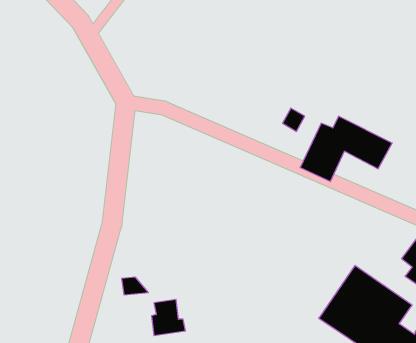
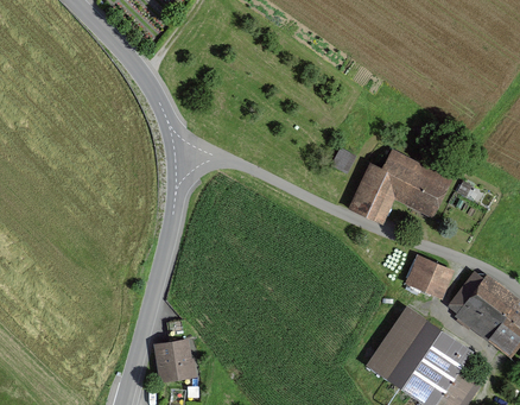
building: none -> [408,255,444,293]
building: [152,299,185,336] -> [159,340,194,376]

